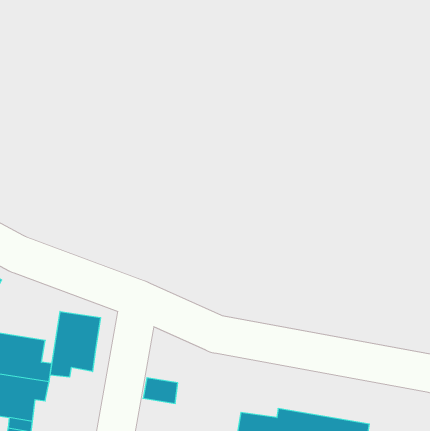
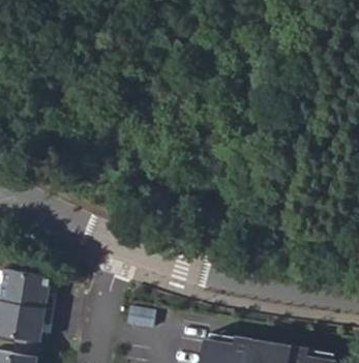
building: [50,311,101,377] -> none

